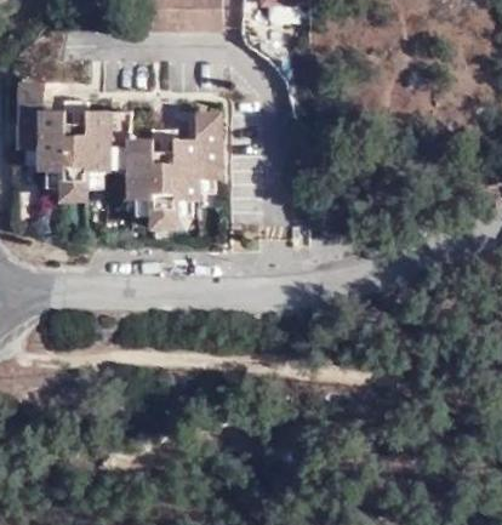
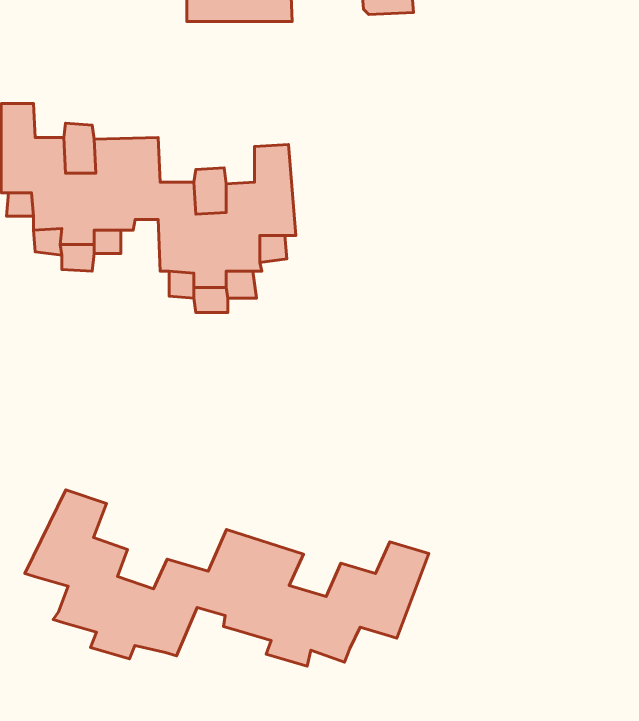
building: none -> [25,490,429,666]

